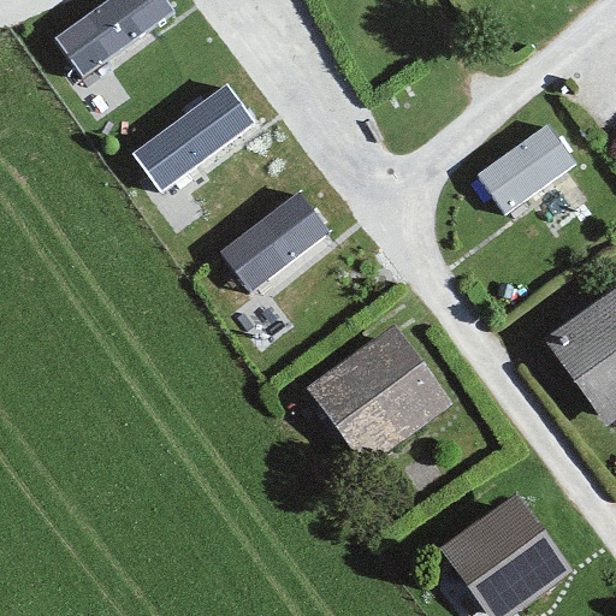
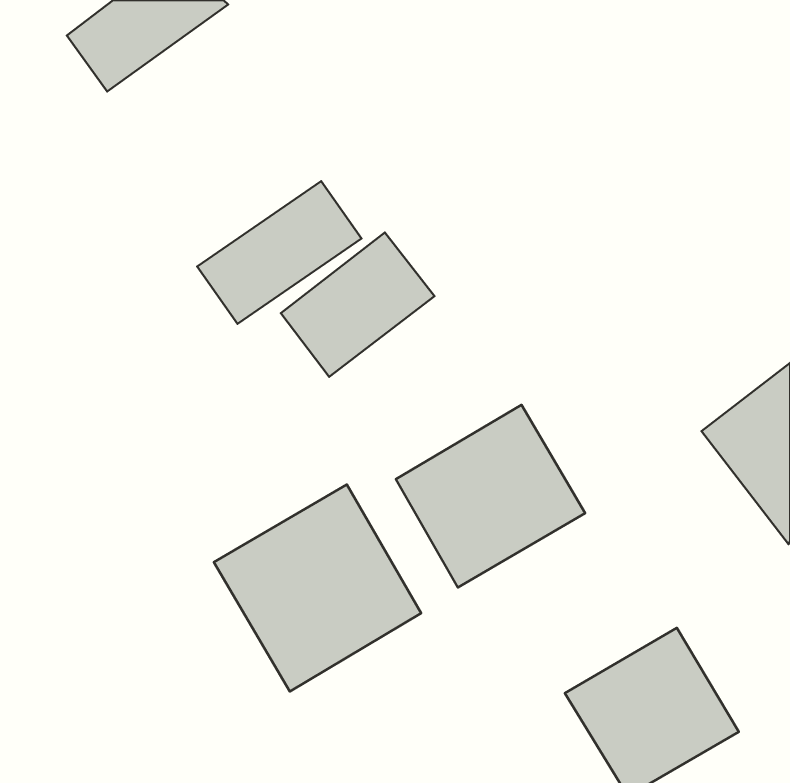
building: [130,82,257,192] -> [197,181,362,324]
building: [475,120,578,214] -> none
building: none -> [214,484,421,692]

